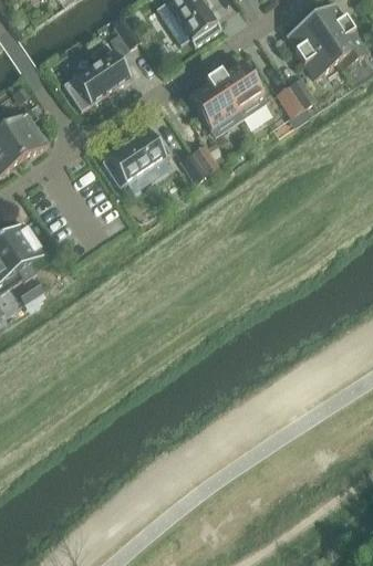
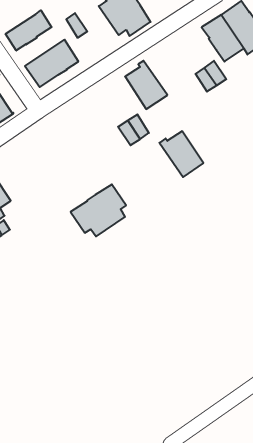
building: none -> [6,10,52,51]
building: [211,62,267,119] -> [159,131,203,177]
building: [101,126,170,191] -> [71,184,126,236]

